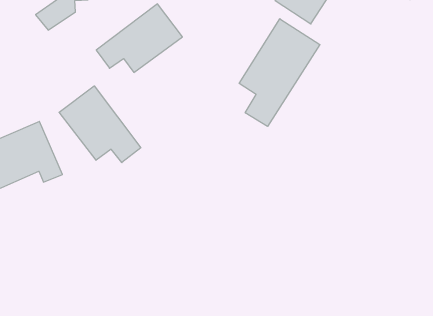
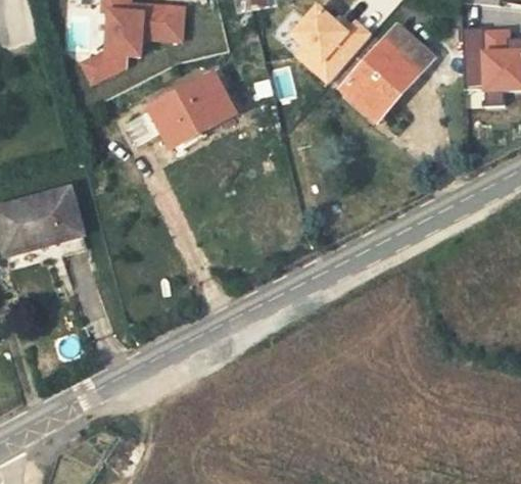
building: [239,19,320,126] -> none
building: [59,86,141,163] -> none

